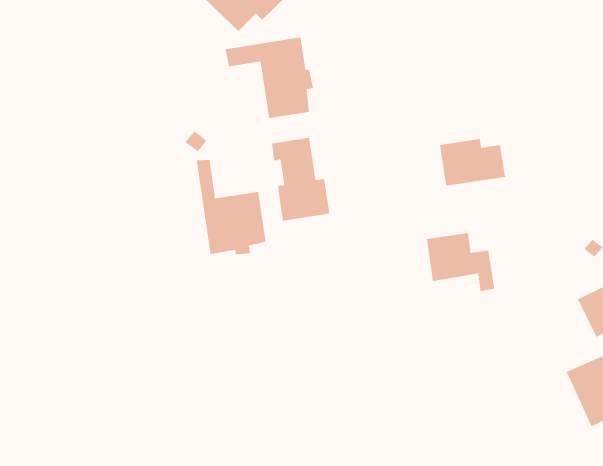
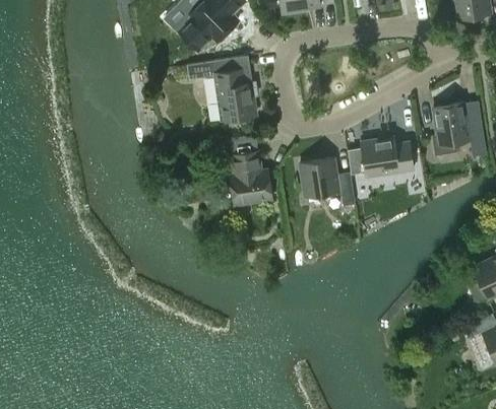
building: none -> [432,103,485,154]
building: [196,159,266,255] -> none
building: [426,232,495,291] -> [299,157,355,205]

